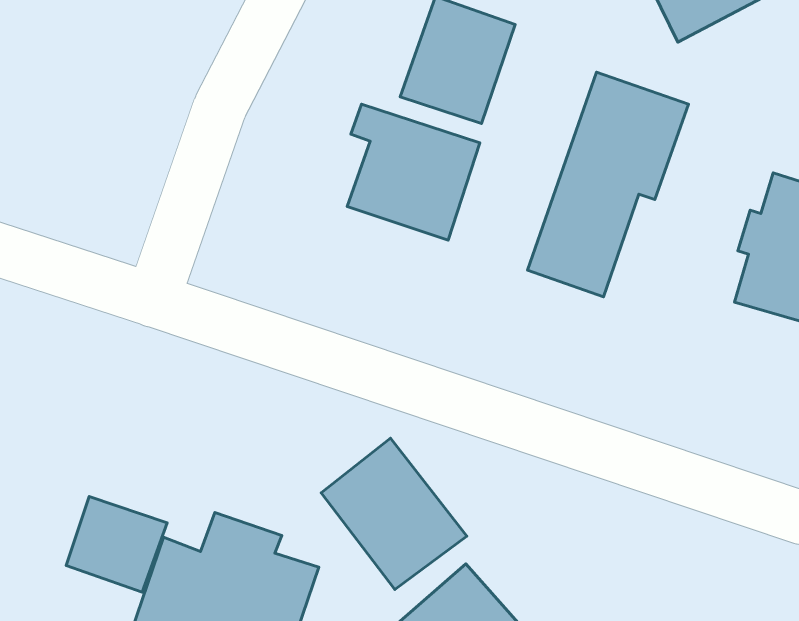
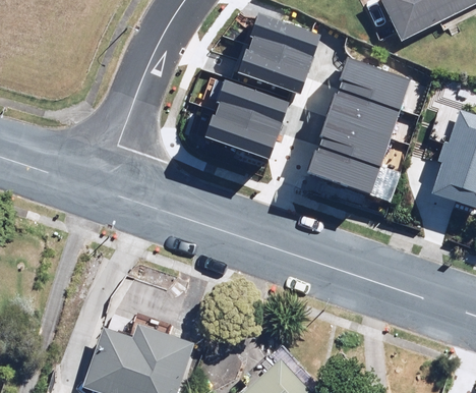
building: [321,438,467,589] -> none
building: [66,497,167,592] -> none

